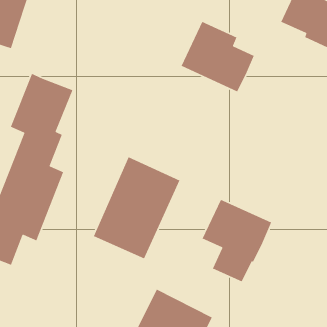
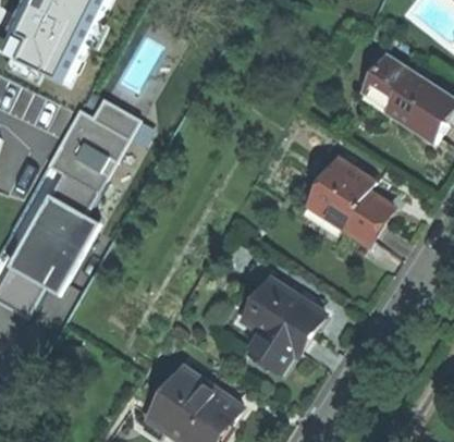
building: [181,21,255,92] -> [307,158,391,243]
building: none -> [91,98,140,182]
building: [93,156,180,260] -> none

